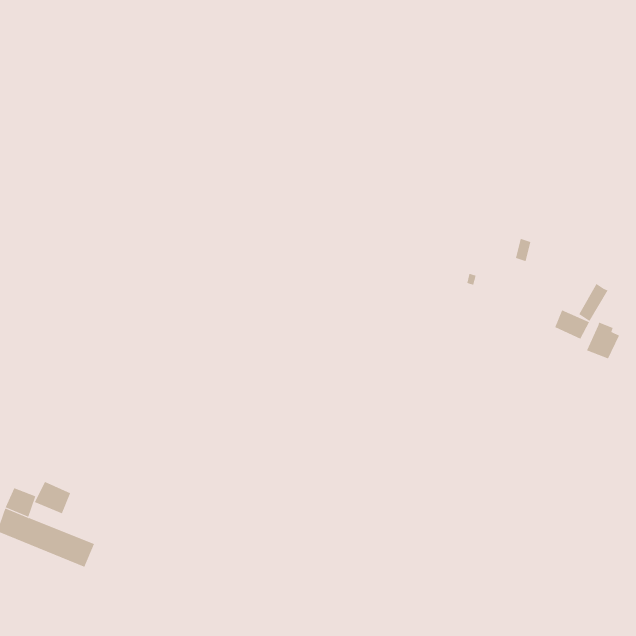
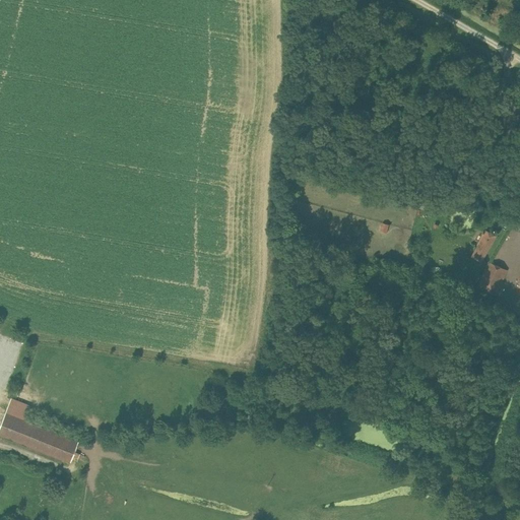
building: [554,310,590,339] -> none
building: [34,481,71,514] -> none

